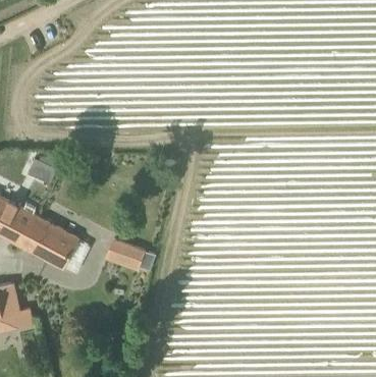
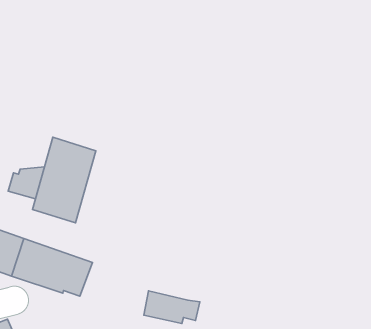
building: none -> [33,137,96,223]
building: [106,238,156,271] -> [144,291,200,324]

